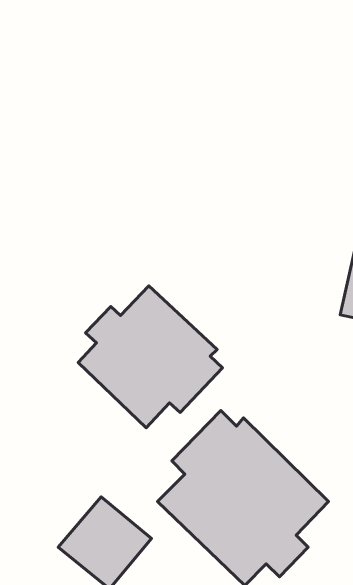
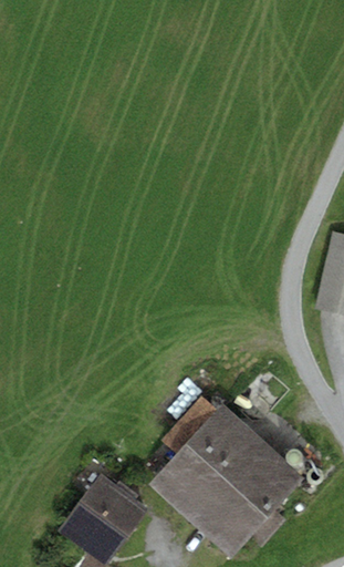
building: [78,286,223,428] -> none

